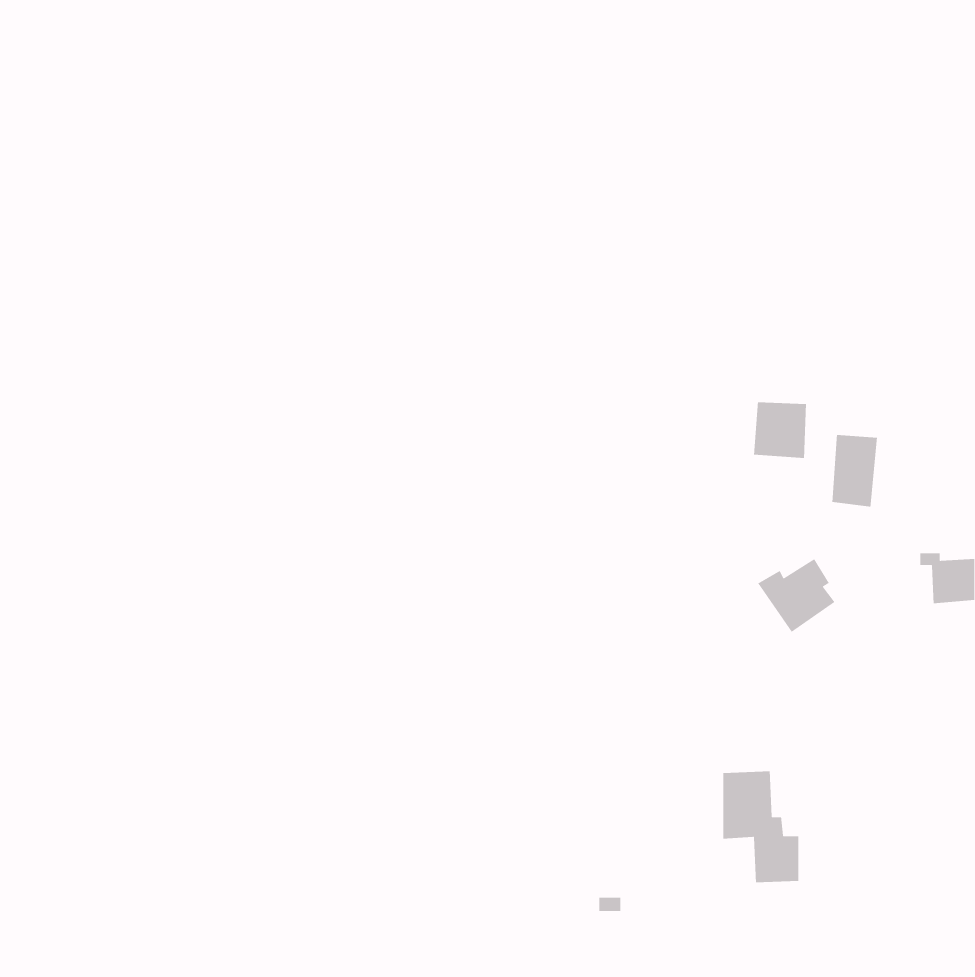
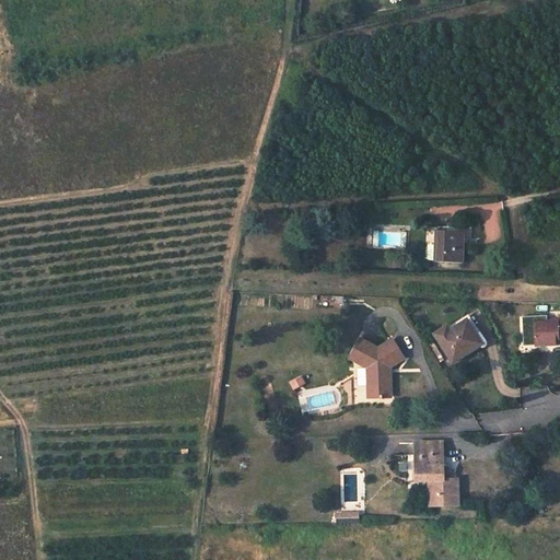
building: [831,434,878,508] -> none
building: none -> [350,339,402,397]

